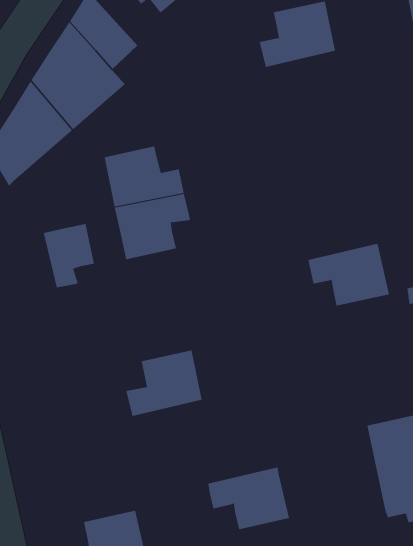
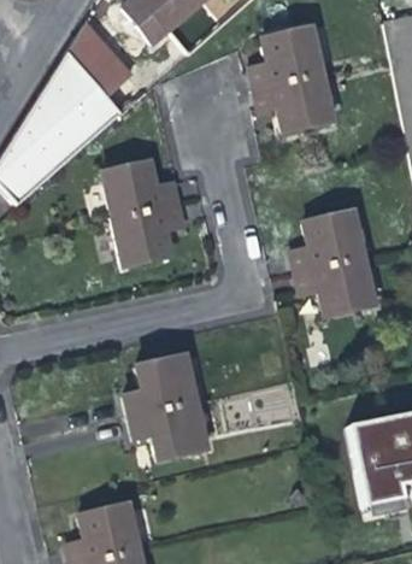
building: none -> [255,74,332,133]
building: none -> [289,207,361,270]
building: [43,223,95,288] -> none
building: [208,467,290,530] -> [130,401,207,460]

